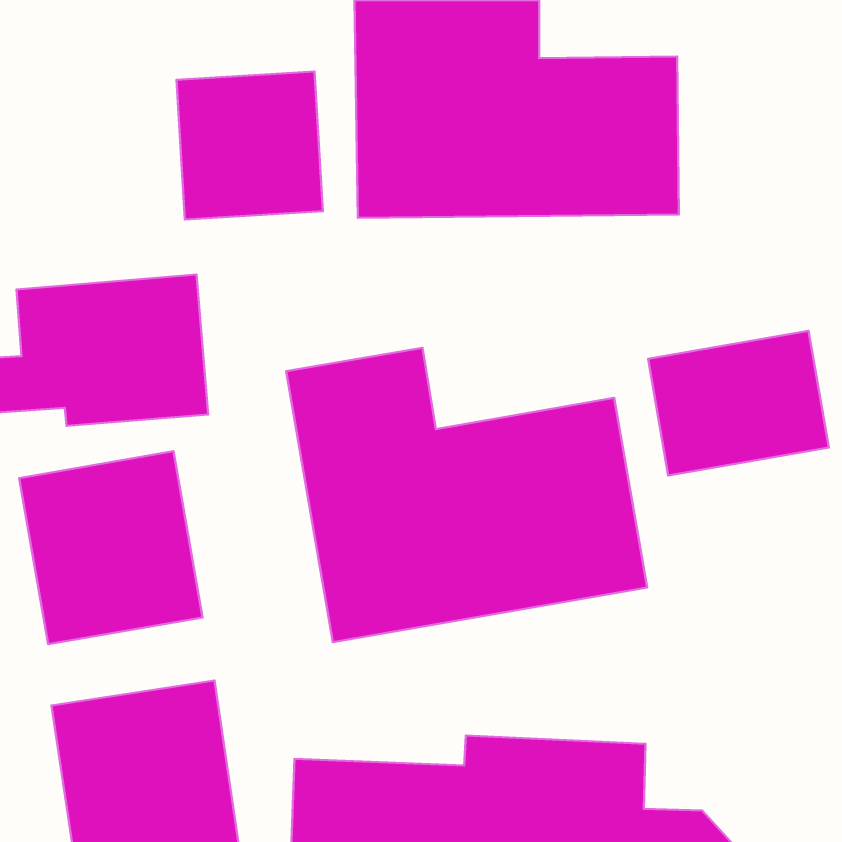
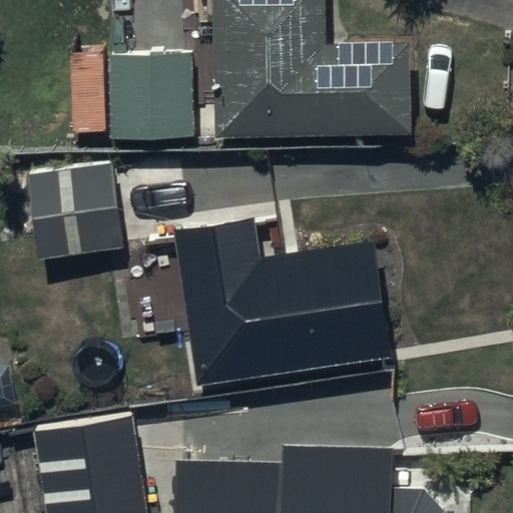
building: [648,331,829,475] -> none
building: [19,451,202,644] -> none

